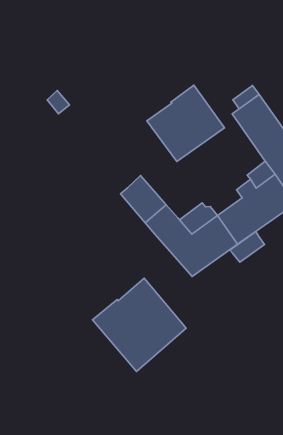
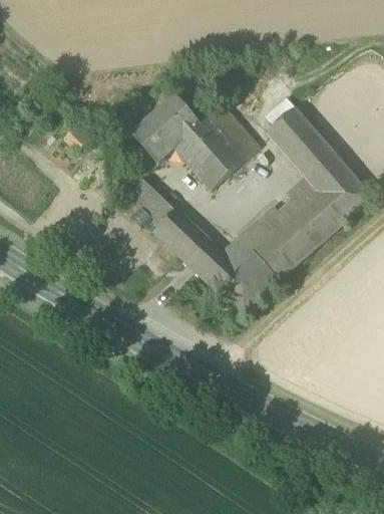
building: none -> [132,94,200,161]
building: none -> [125,175,173,222]
building: [230,232,265,262] -> [250,207,287,242]
building: [92,278,186,371] -> none

